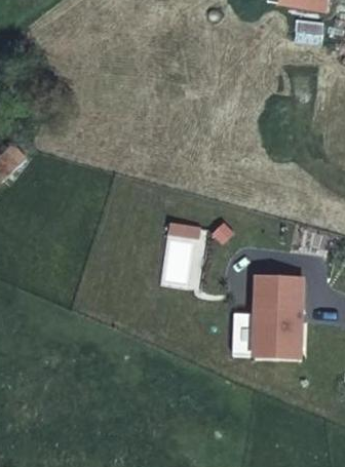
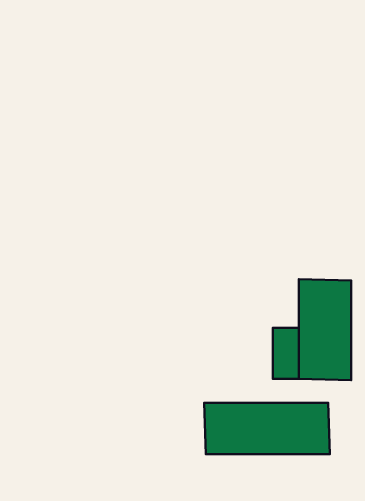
building: none -> [204,403,330,454]

